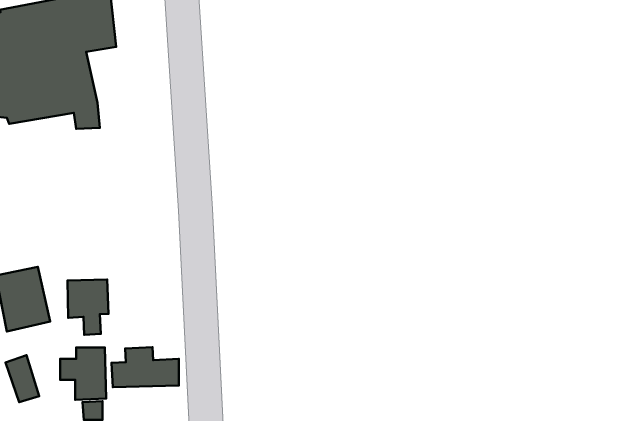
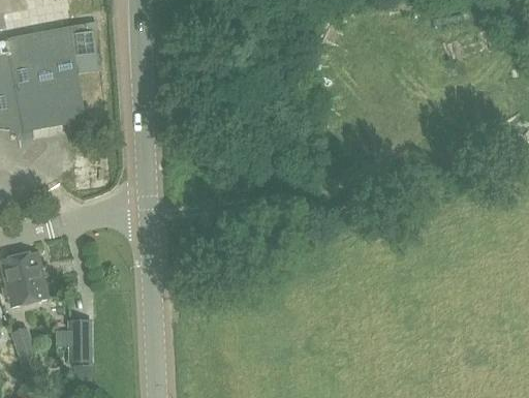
building: [68,279,109,335] -> none
building: [111,347,179,387] -> none

